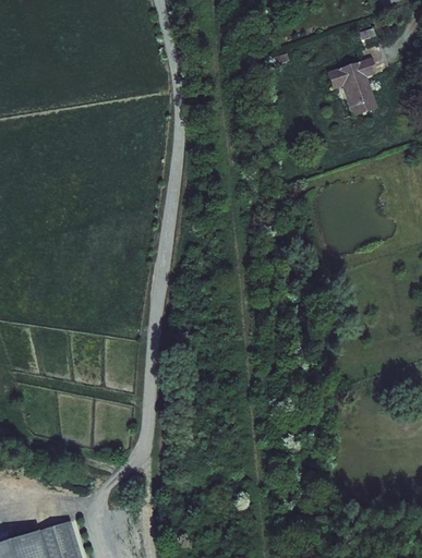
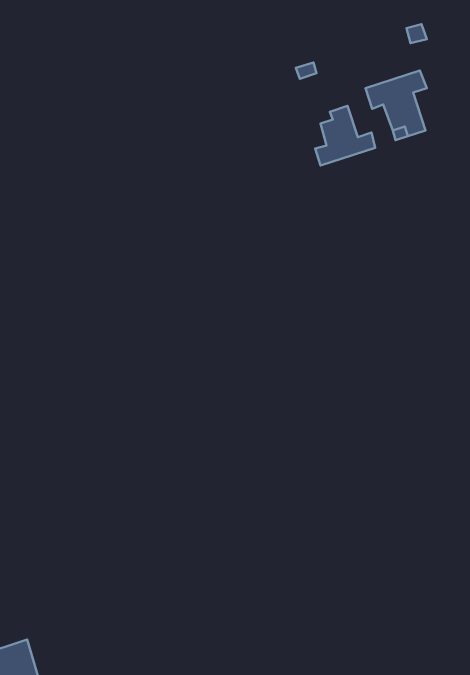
building: none -> [315,106,375,166]

